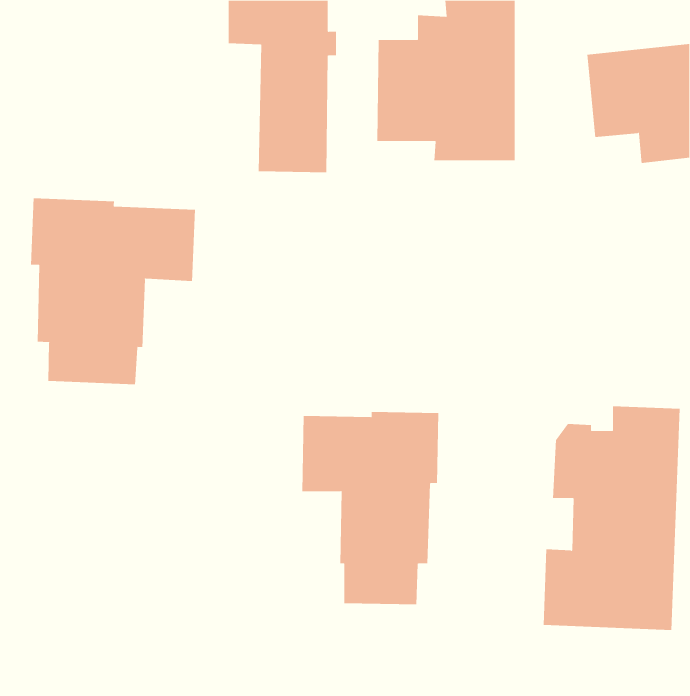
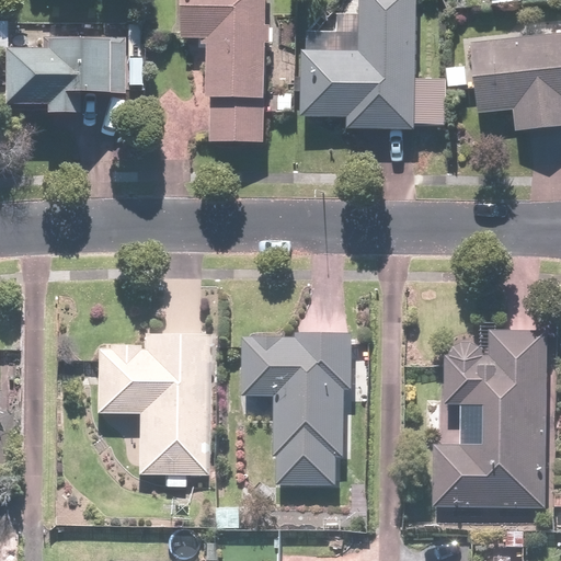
building: none -> [7,34,112,113]
building: [31,198,196,385] -> none
building: none -> [91,328,210,486]

